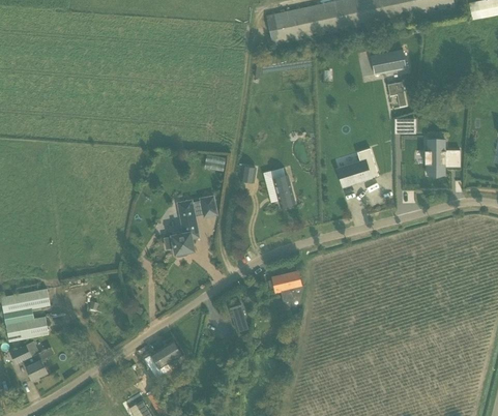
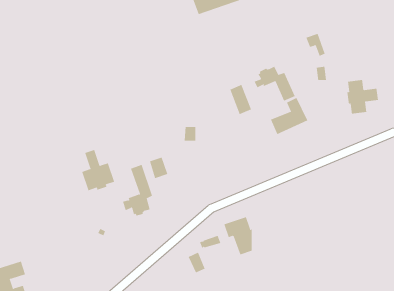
building: [370,49,406,75] -> none
building: none -> [254,66,296,102]
building: [272,174,294,207] -> [229,84,252,115]
building: none -> [82,149,115,191]

